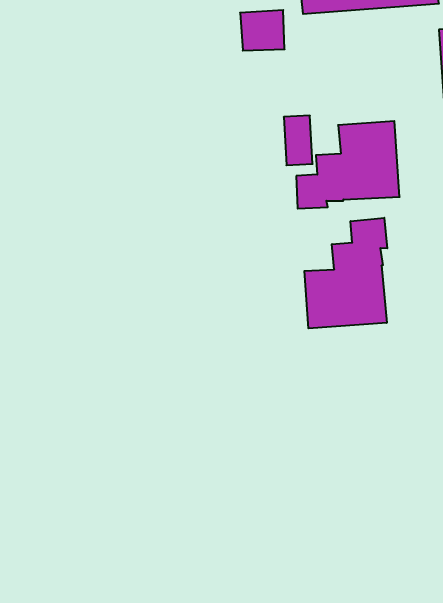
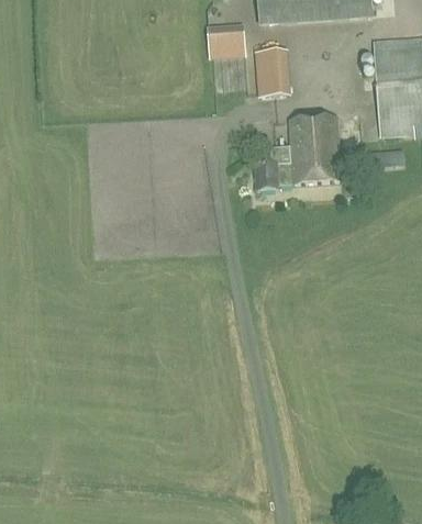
building: [284,116,313,165] -> [259,52,284,93]
building: [304,218,387,328] -> none

